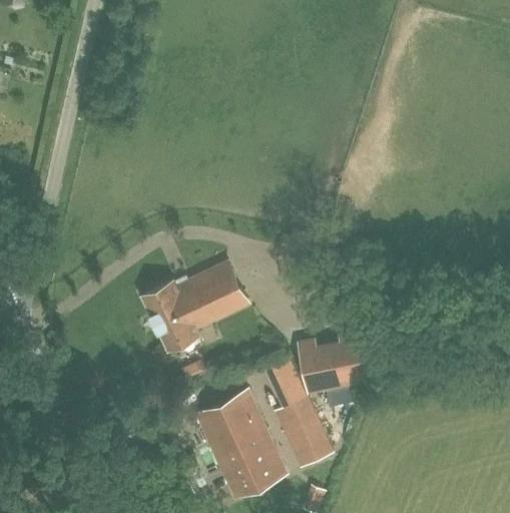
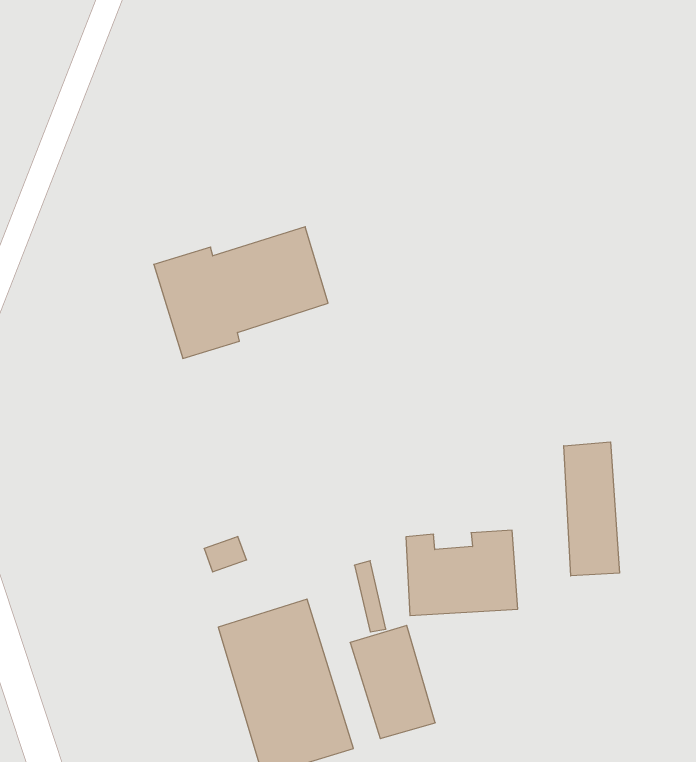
building: [142,261,248,349] -> [154,227,328,358]
building: none -> [564,442,619,576]

